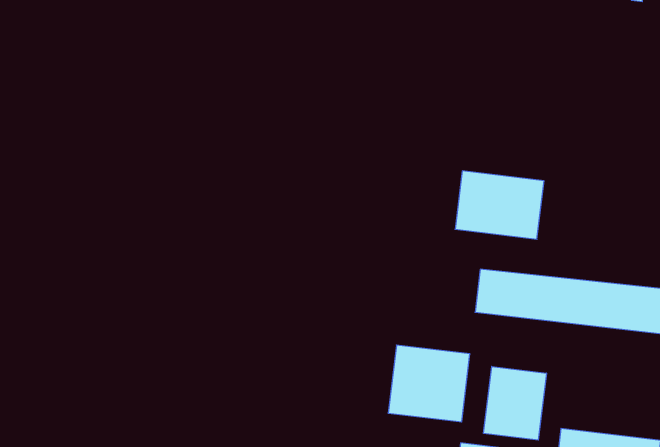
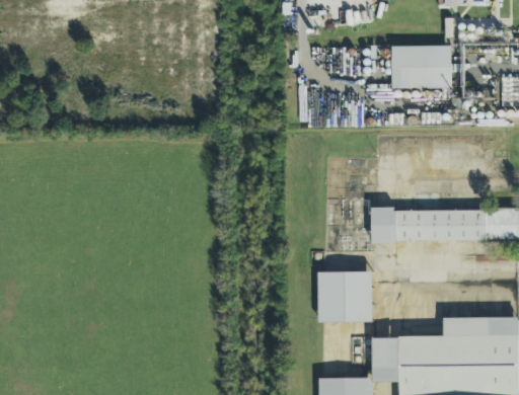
building: [455,171,544,239] -> [392,46,452,88]
building: [484,366,546,440] -> none

